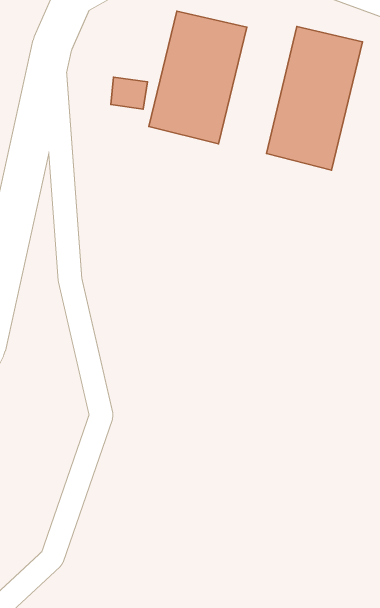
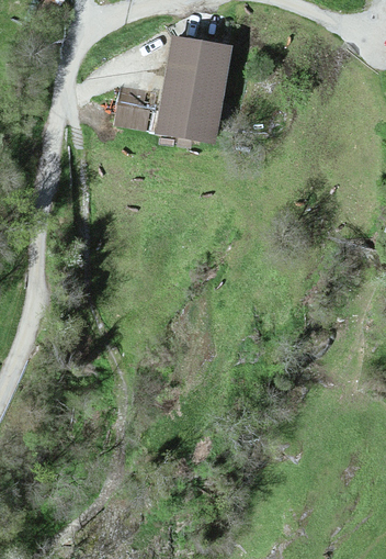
building: [266,27,362,170] -> none

